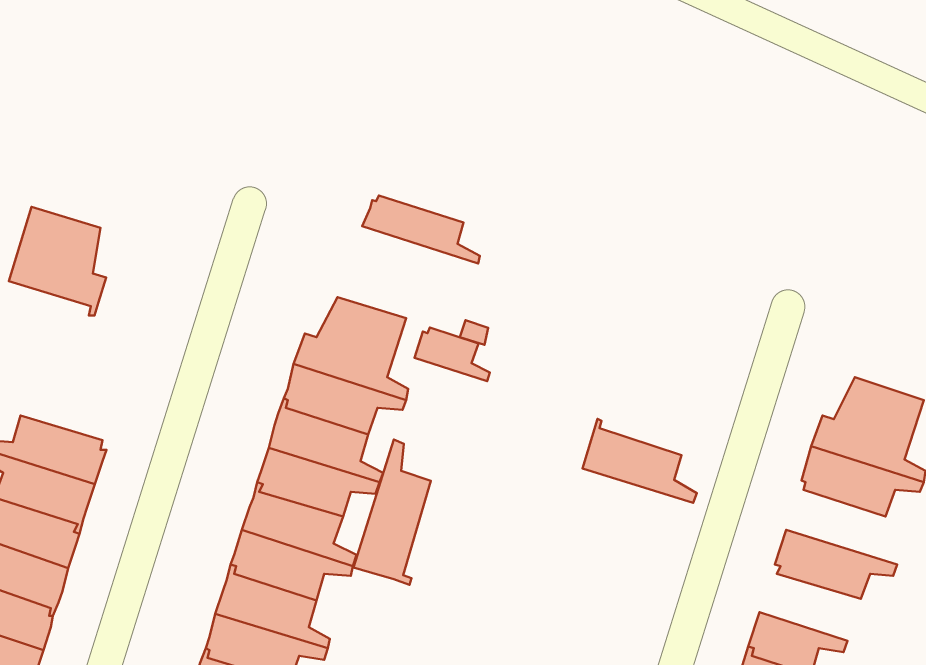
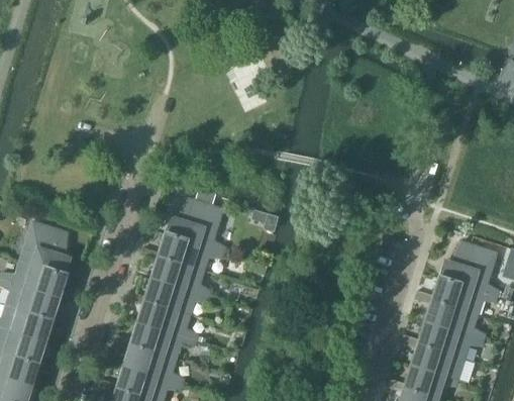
building: [362,195,480,264] -> none
building: [9,207,106,316] -> [19,222,71,280]
building: [415,328,490,381] -> none
building: [582,419,697,503] -> [424,296,485,340]
building: [354,439,431,585] -> none
building: none -> [410,340,464,381]

